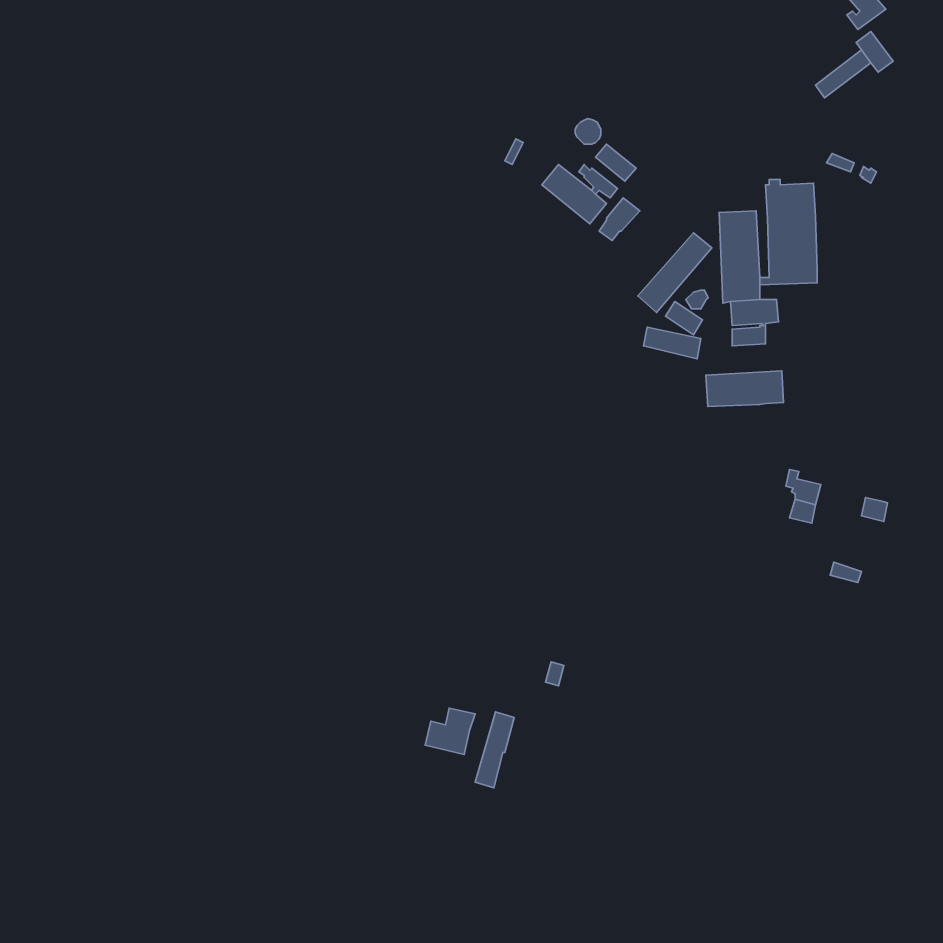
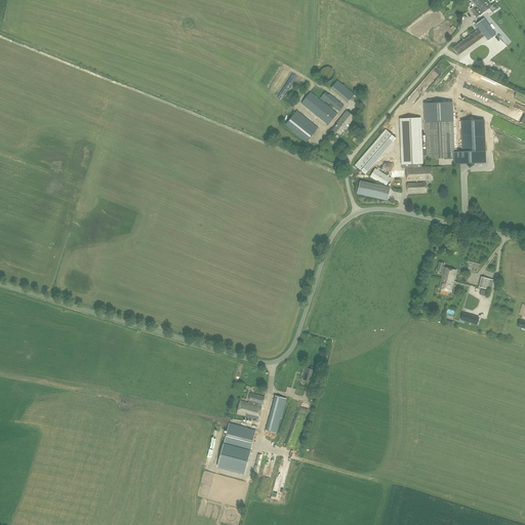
building: none -> [284,110,317,142]
building: none -> [453,119,484,162]
building: [706,371,784,407] -> none
building: none -> [217,422,255,472]

